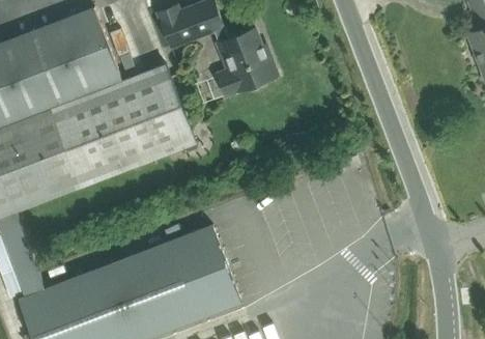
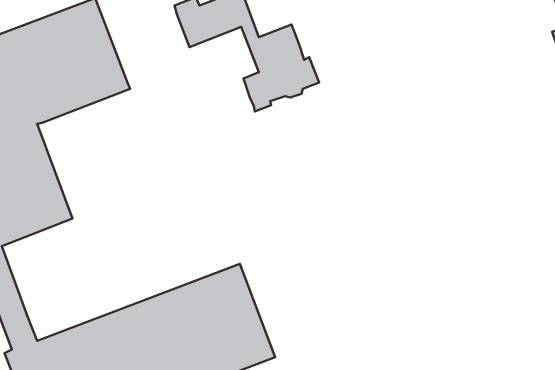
building: [45,65,195,189] -> none

